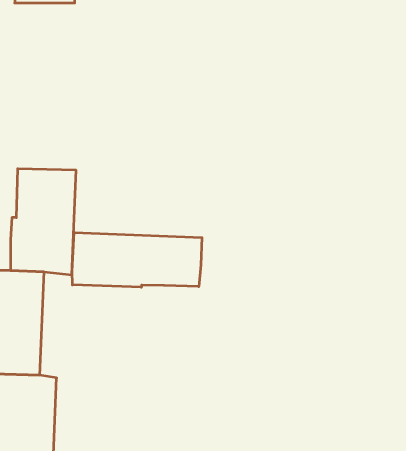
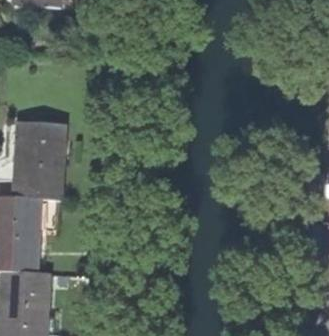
building: [72,232,202,287] -> none

